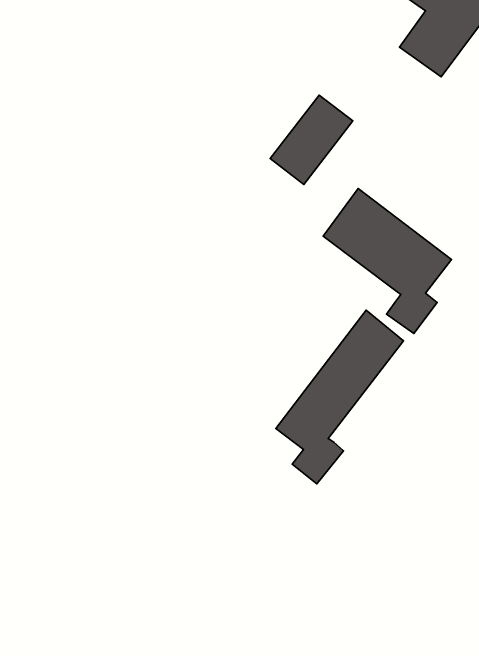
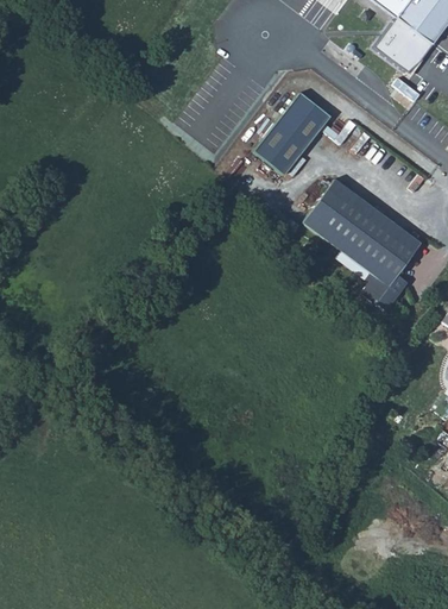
building: [276,310,404,484] -> none

